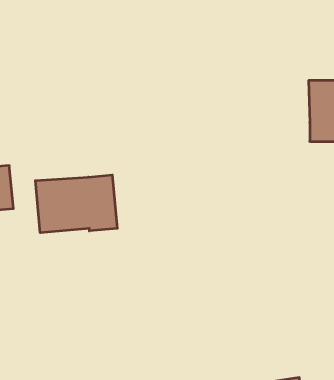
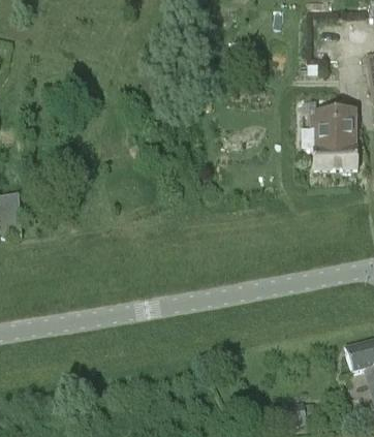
building: [35,175,117,233] -> none

